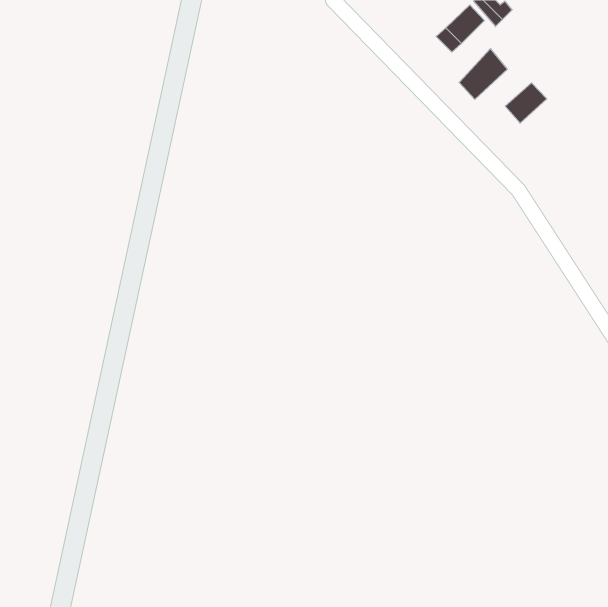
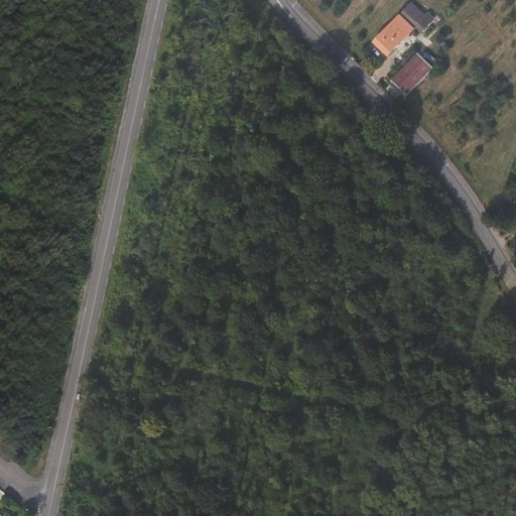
building: [505,83,547,123] -> none

